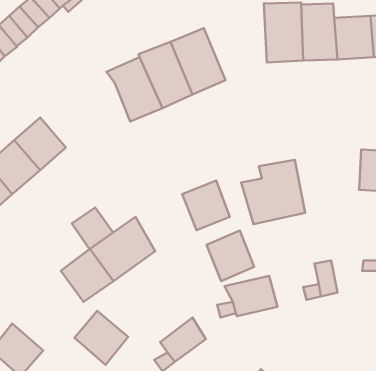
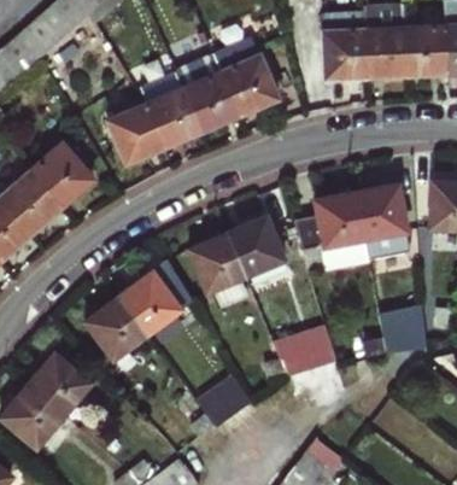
building: none -> [107,105,165,166]
building: none -> [357,186,410,256]
building: [72,208,113,249] -> none
building: [207,230,254,281] -> [187,234,242,293]
building: [74,311,128,365] -> [28,353,90,416]

